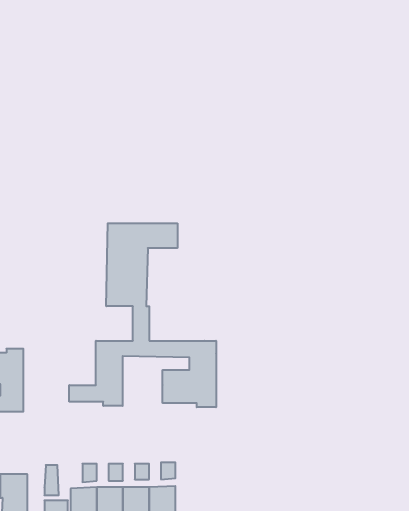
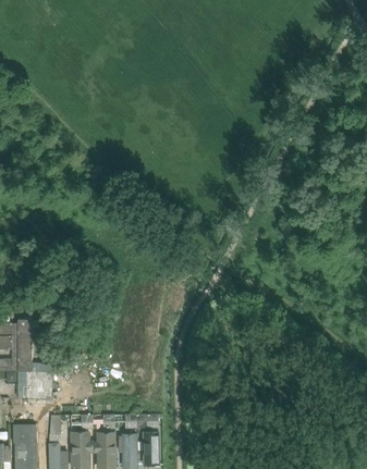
building: [69,223,216,407] -> none
building: none -> [22,361,53,399]

